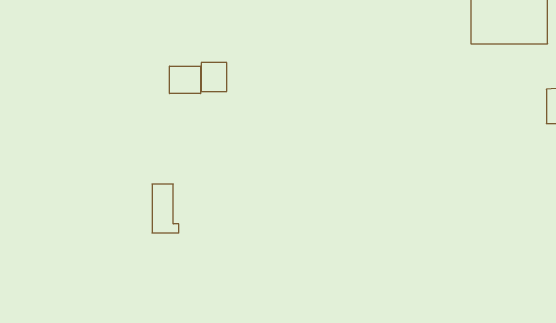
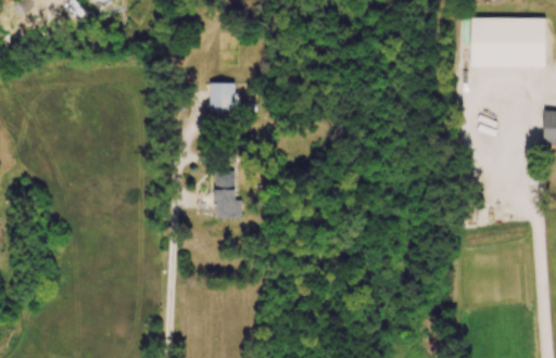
building: [170,66,201,94] -> none
building: [152,184,179,233] -> [212,170,238,218]

